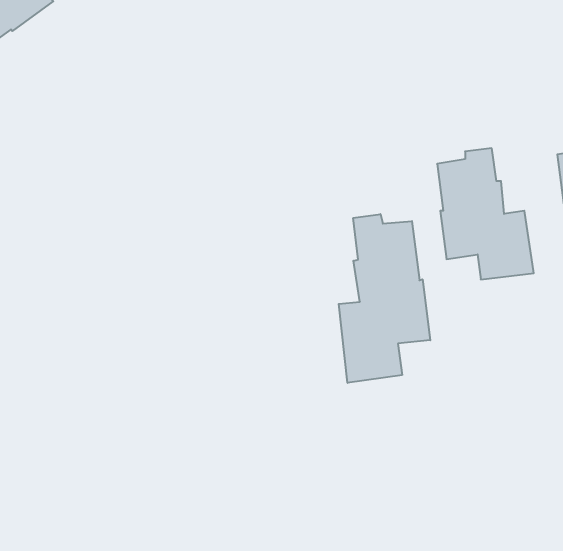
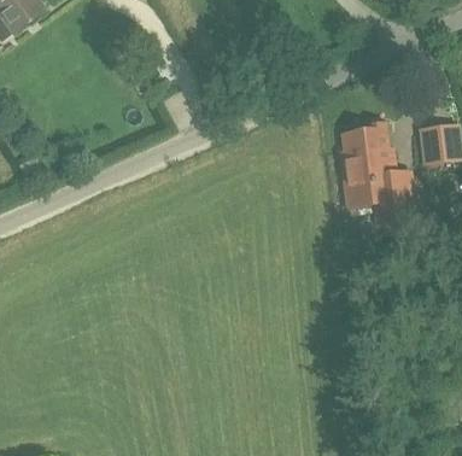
building: [339,214,430,383] -> none

